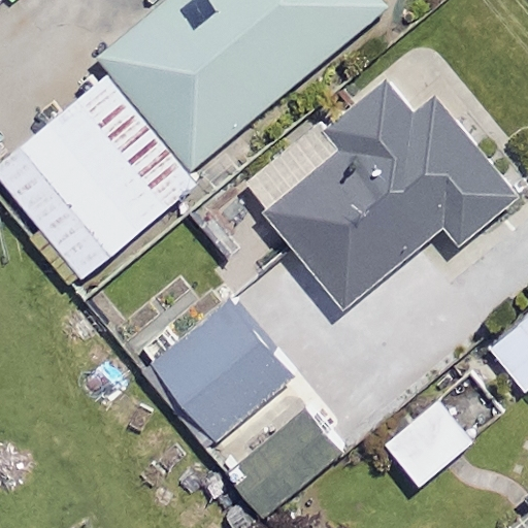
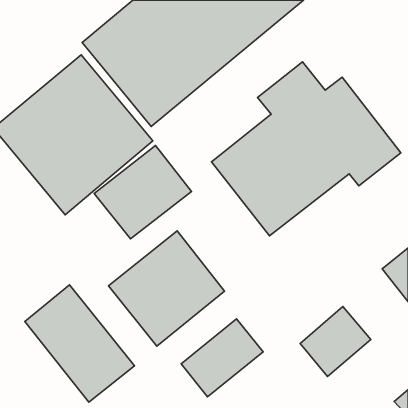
building: none -> [94,146,191,239]
building: none -> [25,285,134,402]

